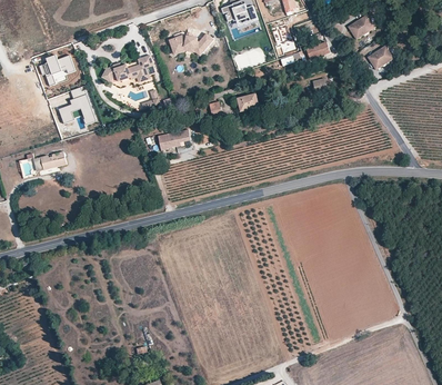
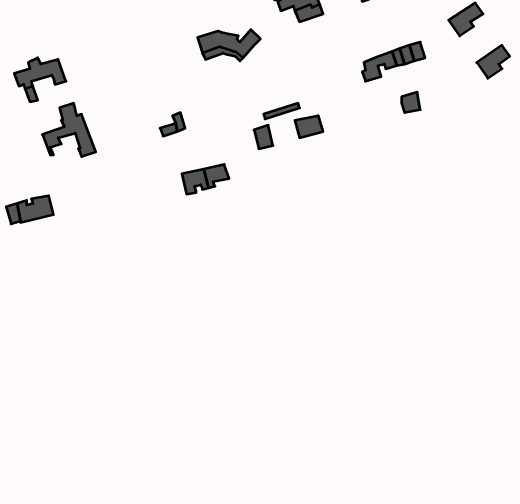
building: [101,55,153,81] -> none

